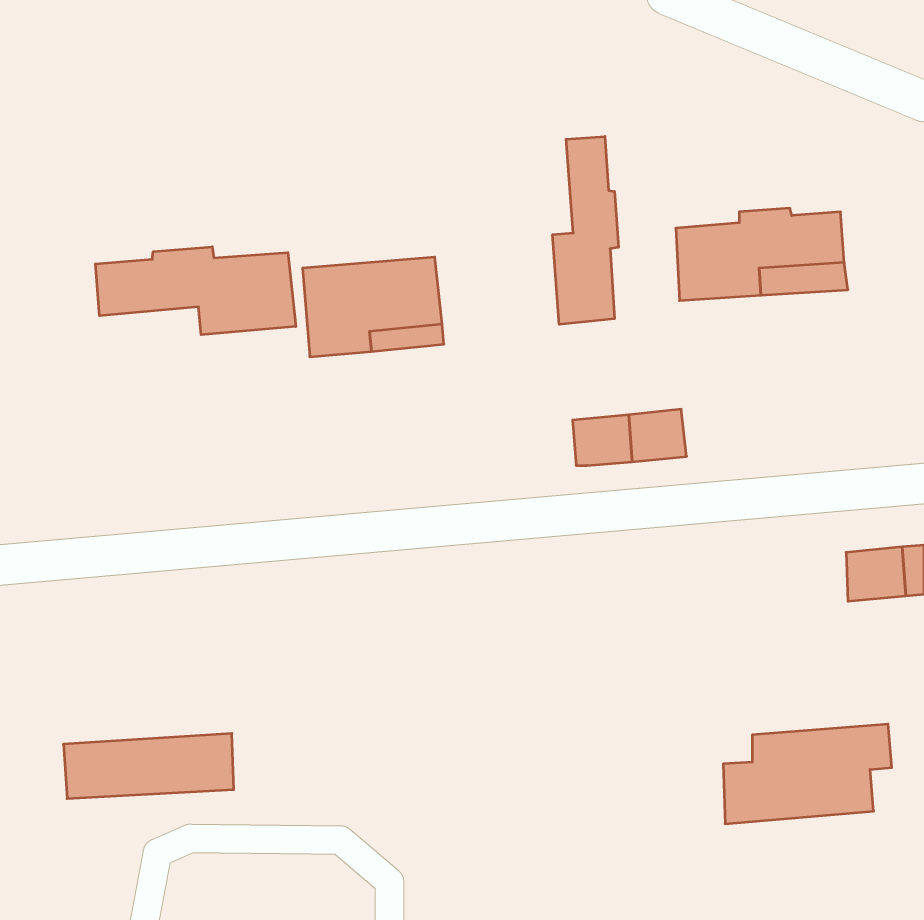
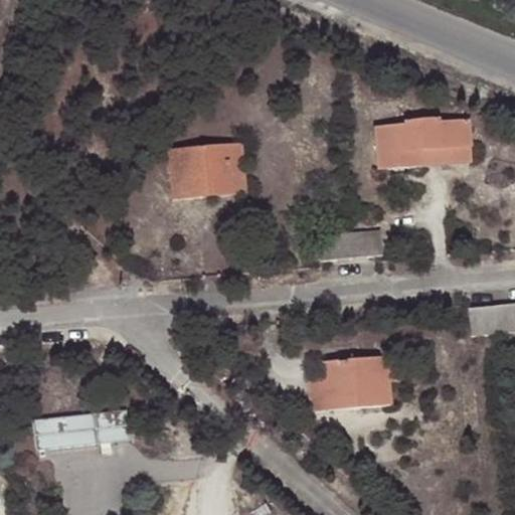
building: [553,136,618,324] -> none
building: [95,247,296,335] -> none
building: [723,724,892,824] -> [308,355,401,410]

